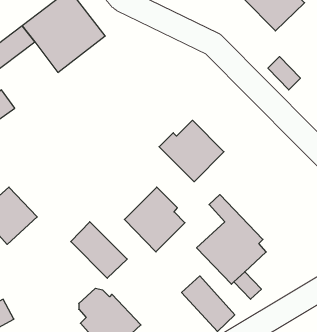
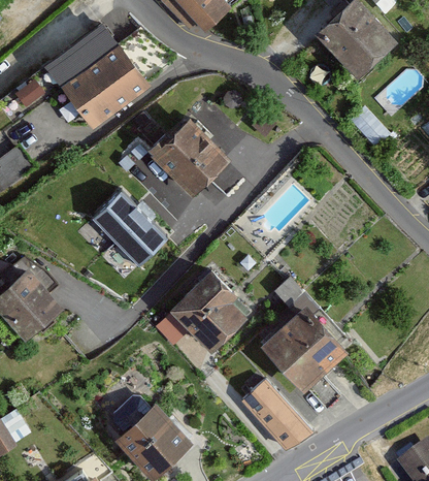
building: [159,120,224,182] -> [148,119,229,195]
building: [71,222,127,278] -> [94,195,164,265]

